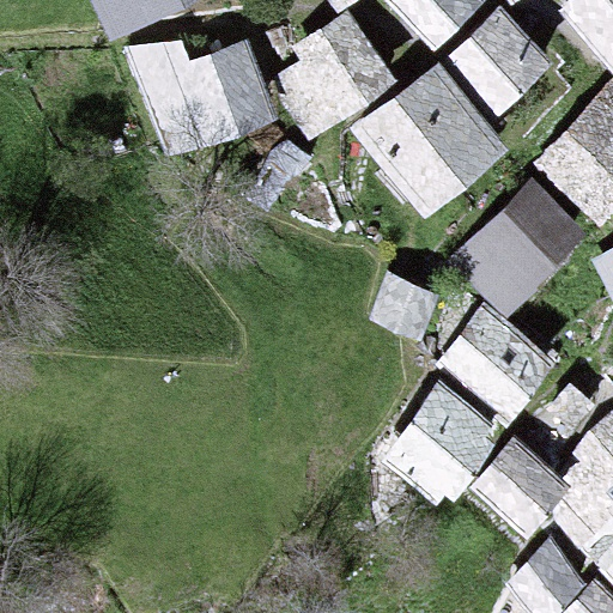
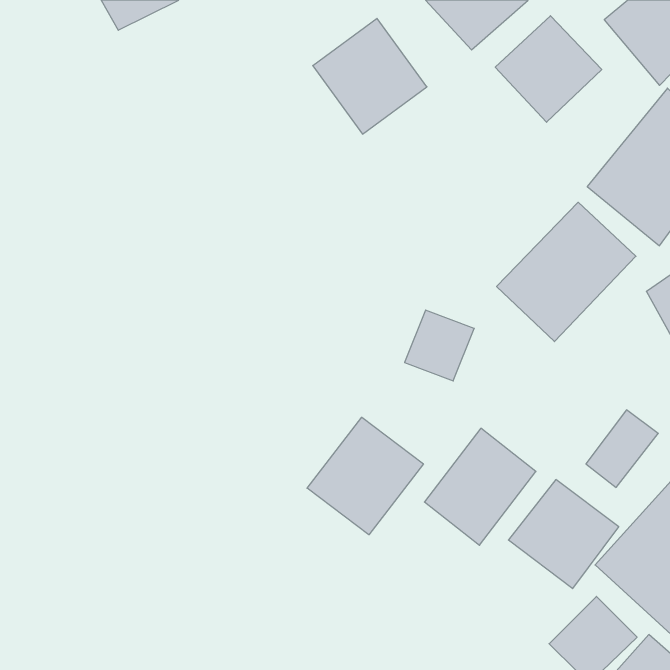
building: [138,25,279,145] -> none
building: [358,62,505,208] -> none
building: [445,315,548,415] -> none
building: none -> [307,417,423,535]

